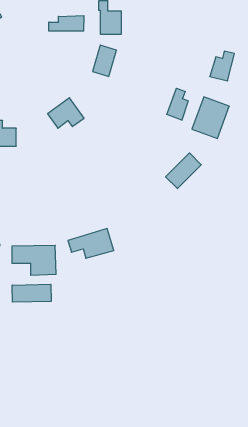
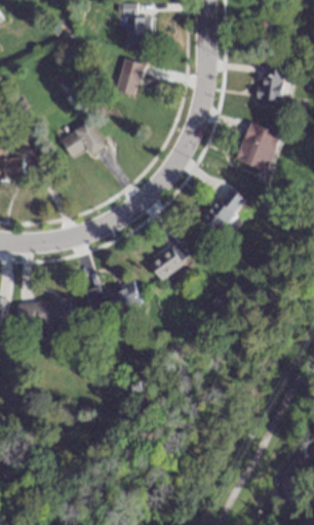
building: [49,16,84,31] -> none
building: [167,88,188,120] -> none
building: none -> [149,245,188,278]
building: [12,284,51,302] -> none

